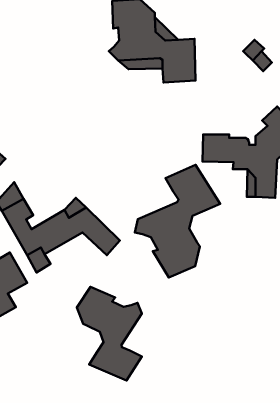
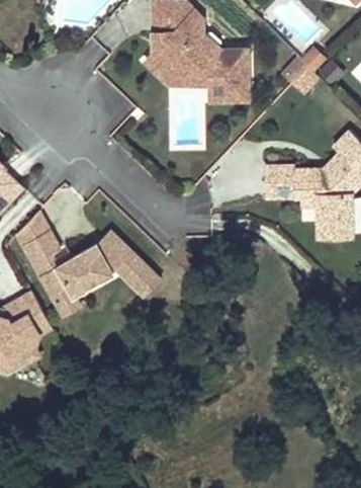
building: [135,165,220,277] -> none
building: [77,287,142,380] -> none

